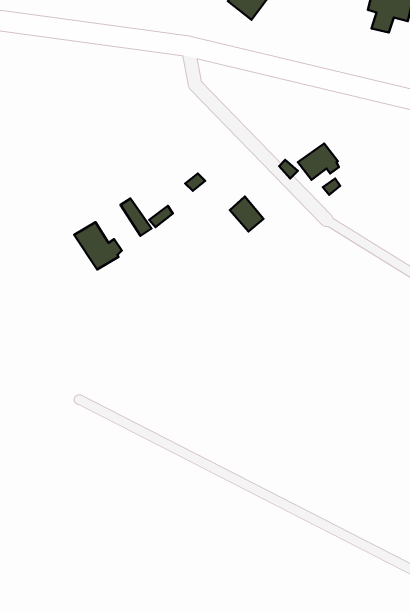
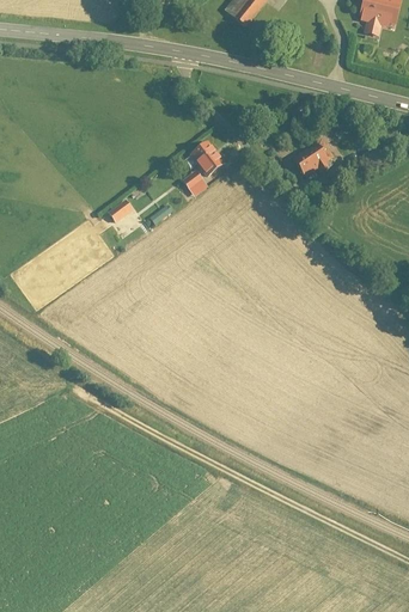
building: [230,196,264,231] -> [190,140,222,173]
building: [74,222,122,269] -> none

